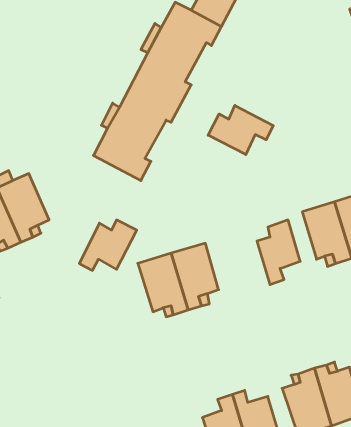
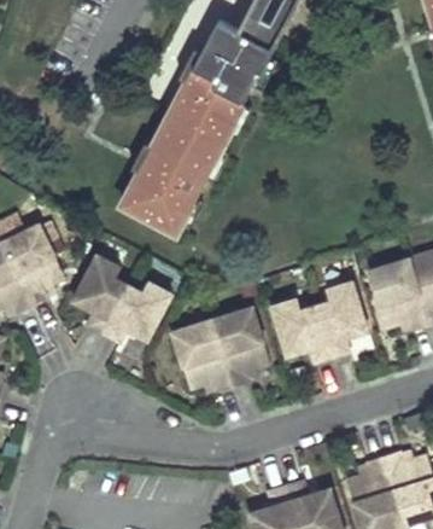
building: [208,105,273,155] -> none
building: none -> [74,254,127,331]
building: none -> [270,297,330,362]

